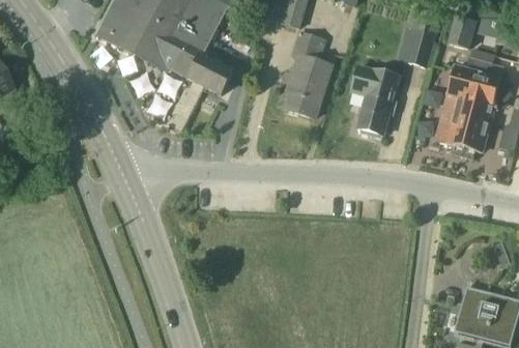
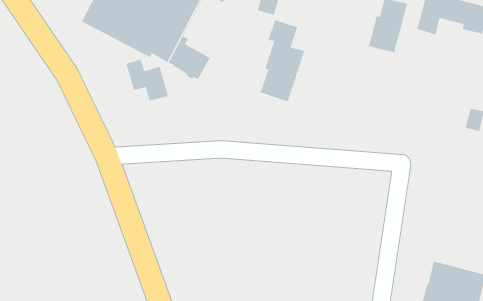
building: [434,56,502,157] -> none
building: [351,66,399,136] -> none

